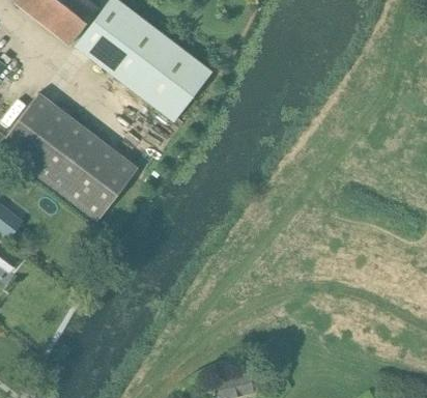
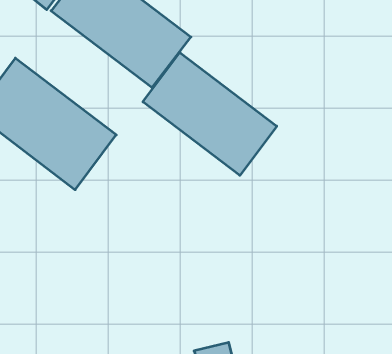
building: none -> [143,52,277,175]

